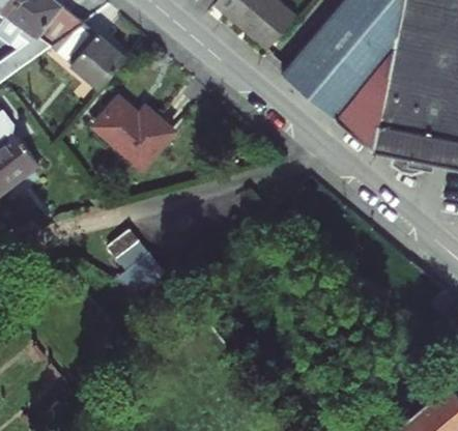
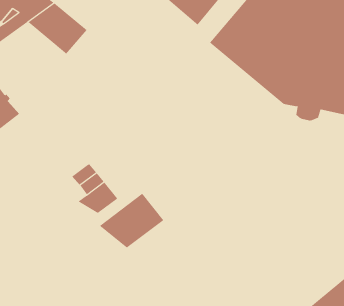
building: [94,98,172,167] -> none
building: none -> [99,193,164,249]

